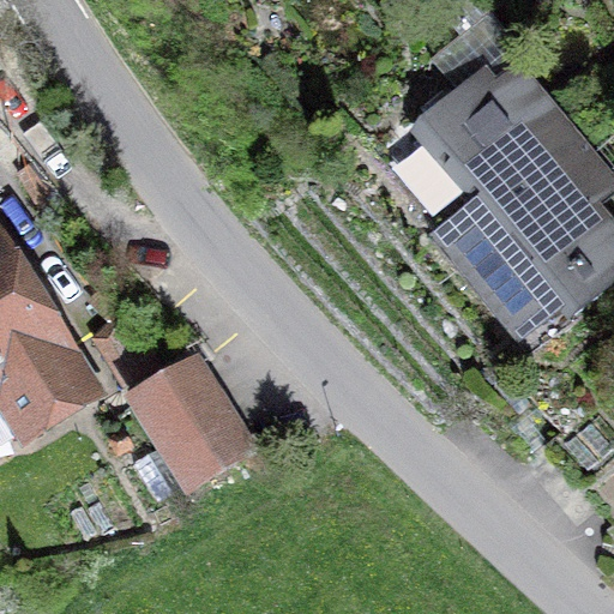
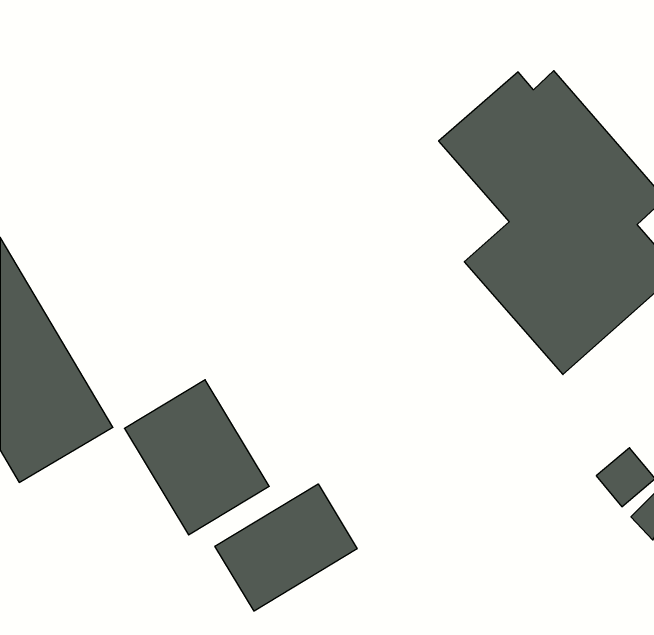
building: none -> [215,484,357,611]

